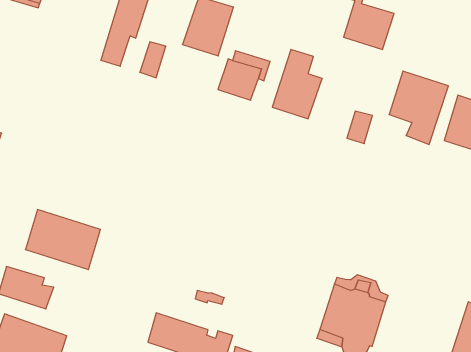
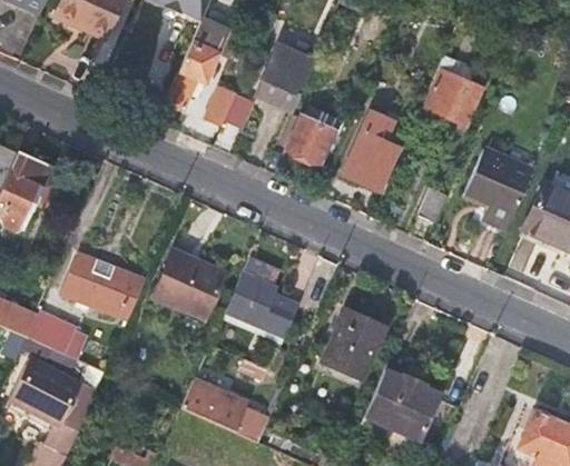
building: none -> [153,251,225,321]
building: none -> [225,274,296,347]
building: none -> [323,311,385,378]

